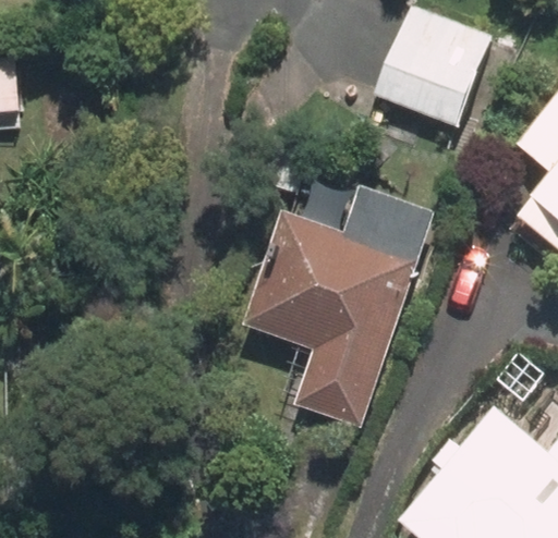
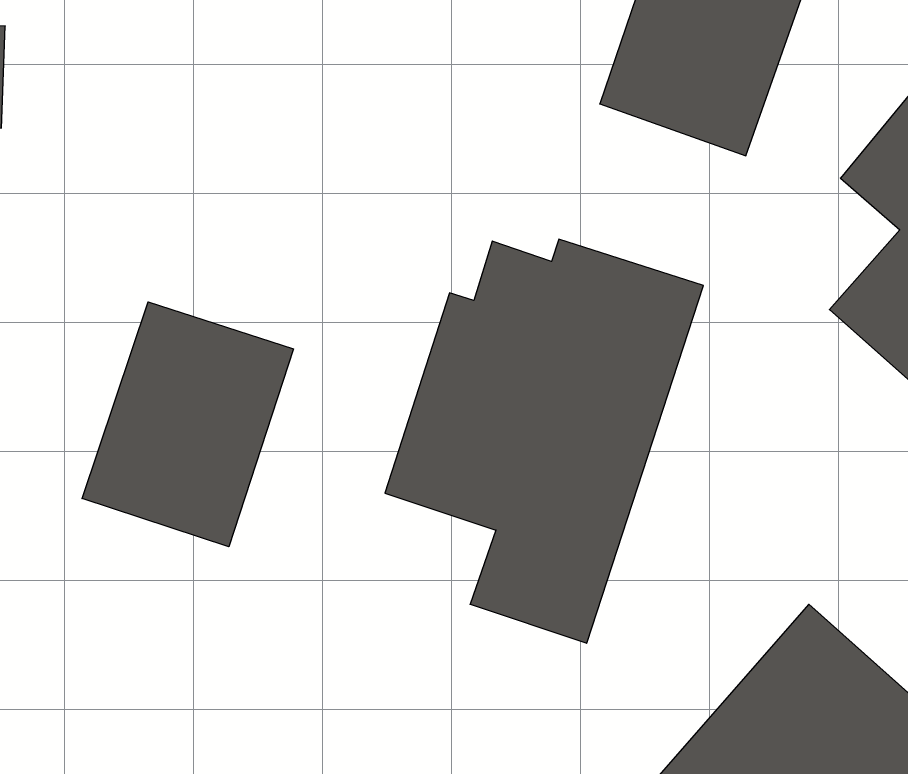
building: none -> [82,302,293,547]

